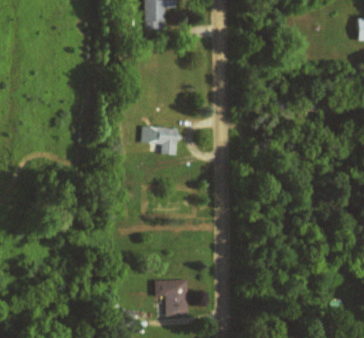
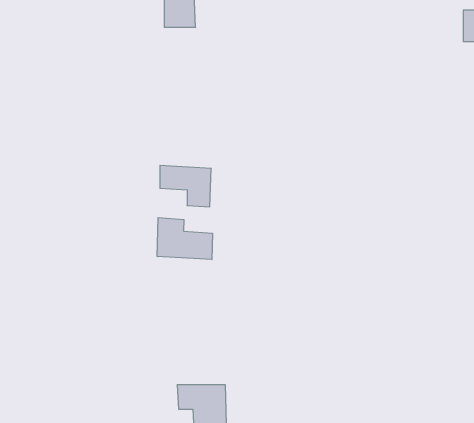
building: none -> [157,218,212,260]

